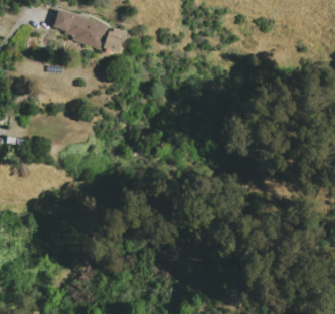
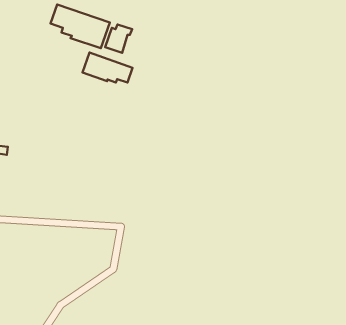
building: none -> [83,53,132,83]

